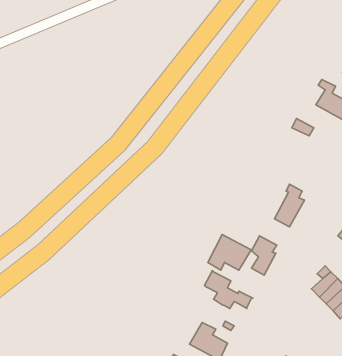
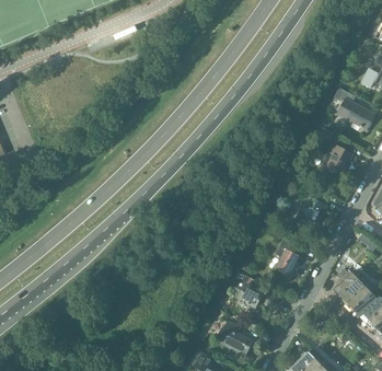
building: none -> [320,143,354,178]
building: [208,234,251,270] -> none

